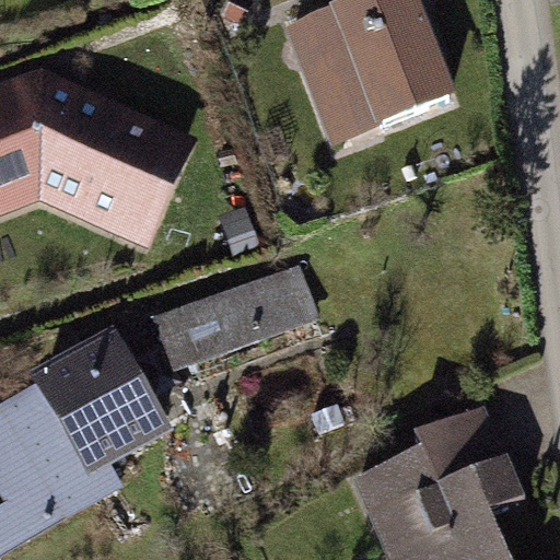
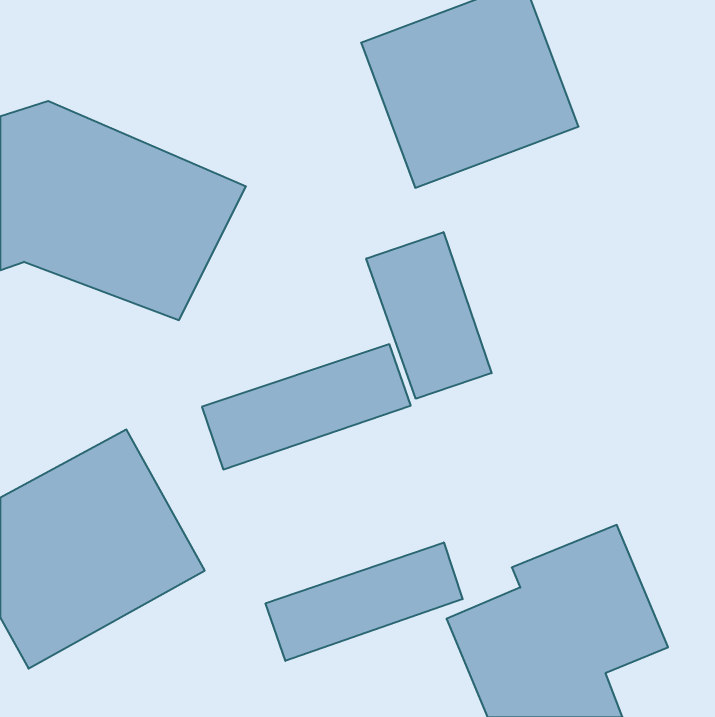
building: none -> [366,232,492,399]
building: none -> [266,542,463,661]

